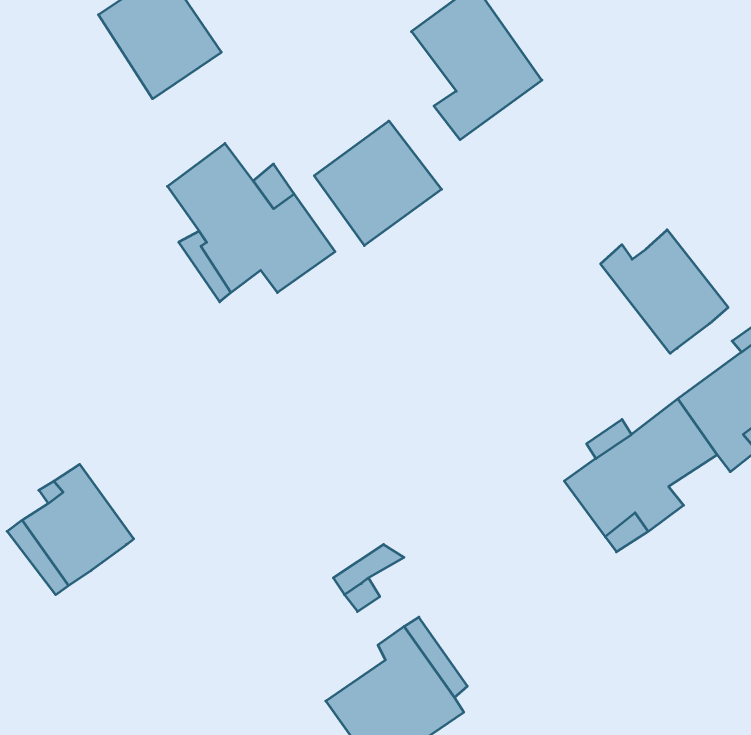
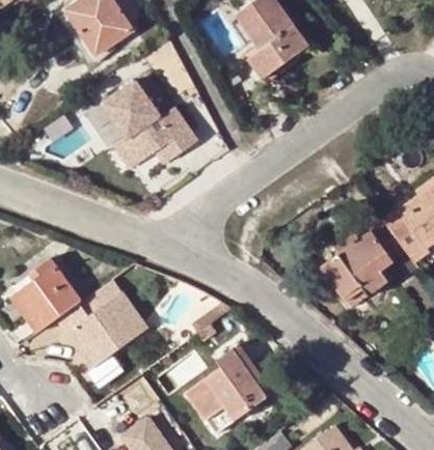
building: [314,121,442,246] -> none
building: [601,230,728,353] -> none
building: none -> [58,279,147,366]

